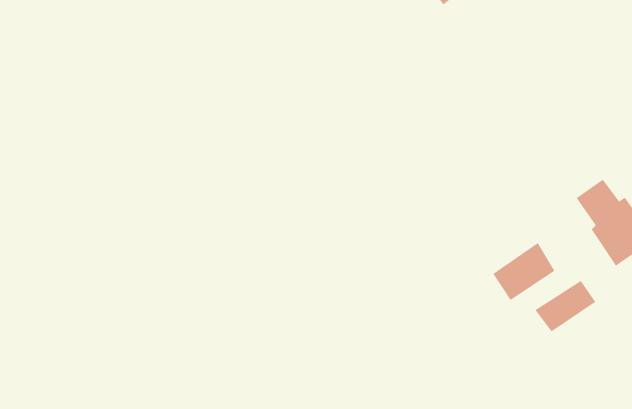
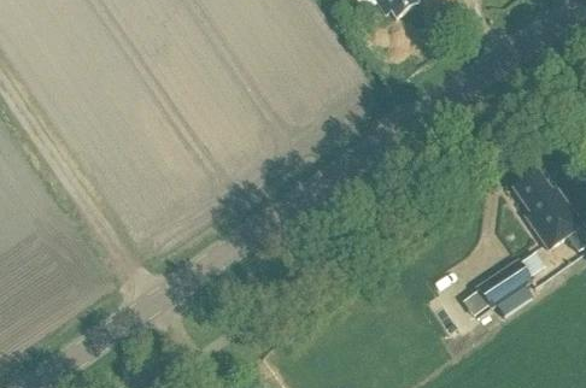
building: [493,242,555,301] -> none

